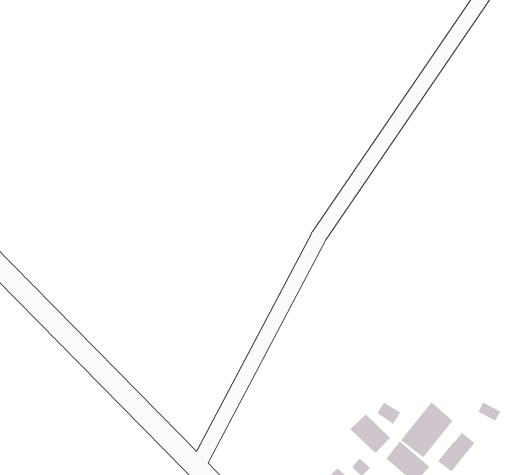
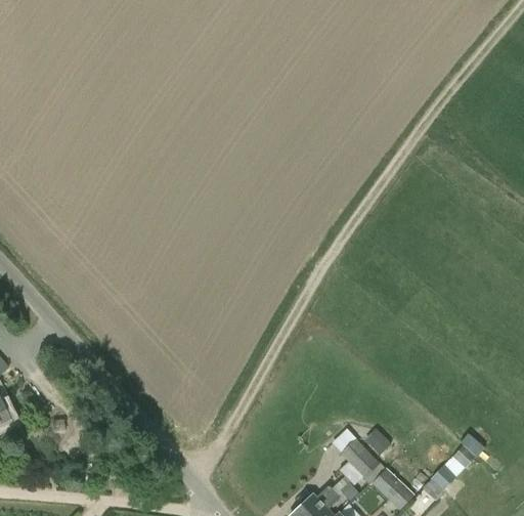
building: [400,402,453,458] -> none

